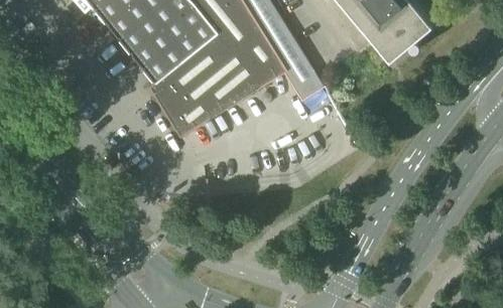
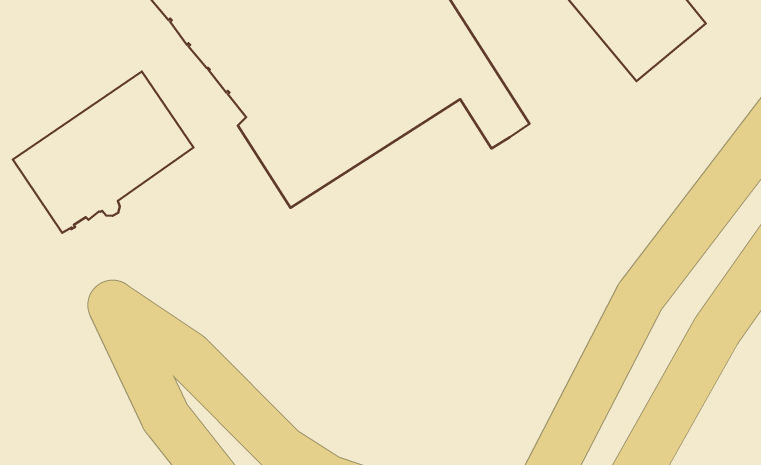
building: none -> [13,72,193,233]

